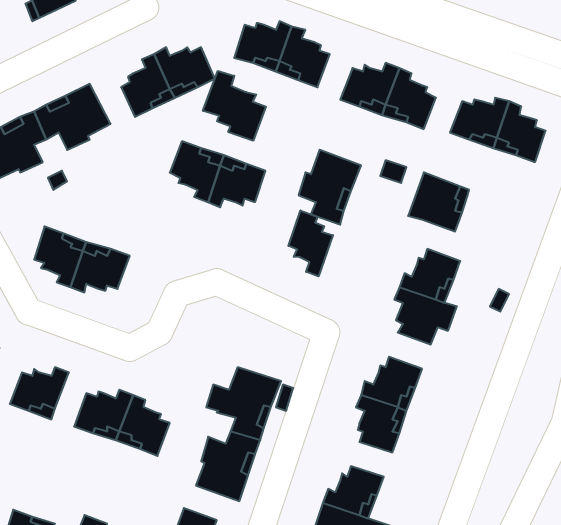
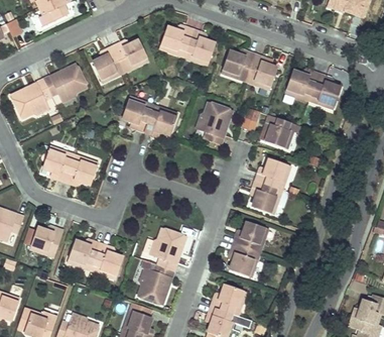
building: [203,71,266,141] -> none
building: [288,210,333,276] -> none

